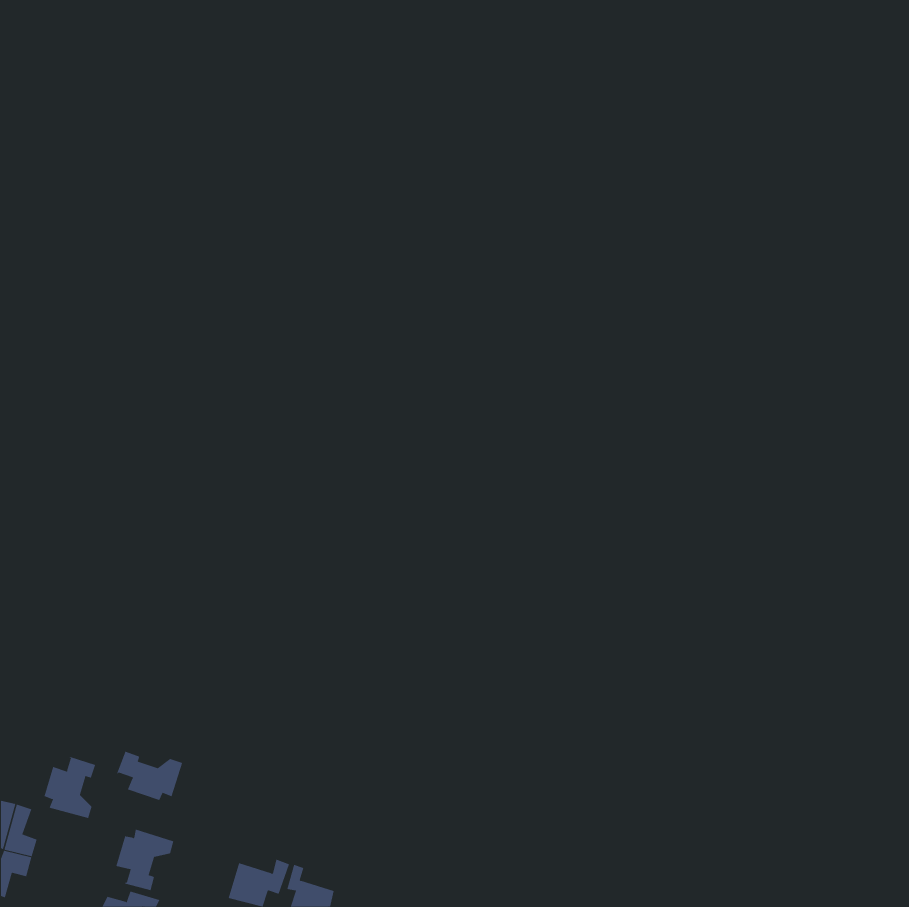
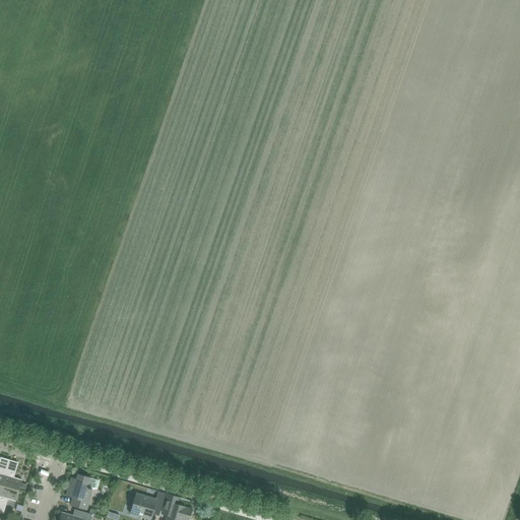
building: [116,751,183,801] -> none
building: [44,756,96,819] -> none

